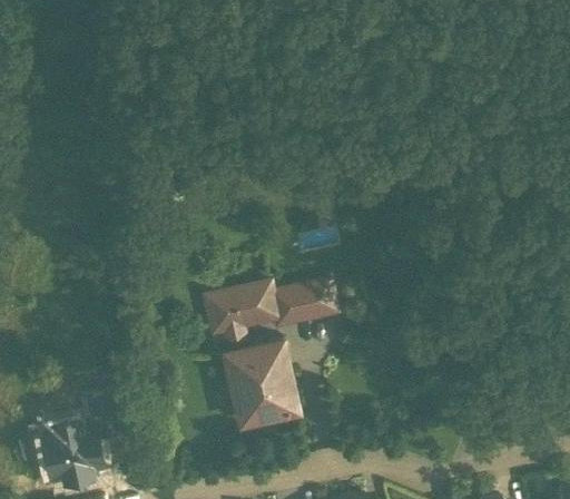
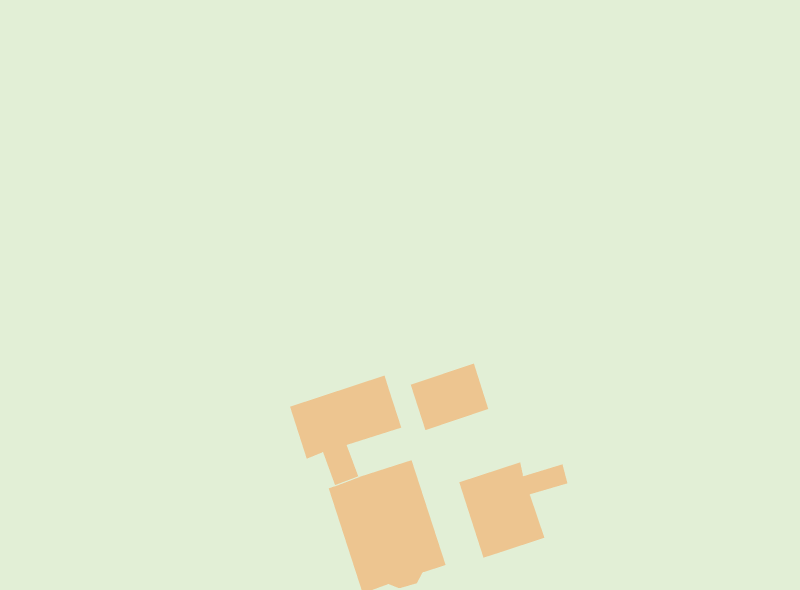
building: none -> [458,462,568,558]

